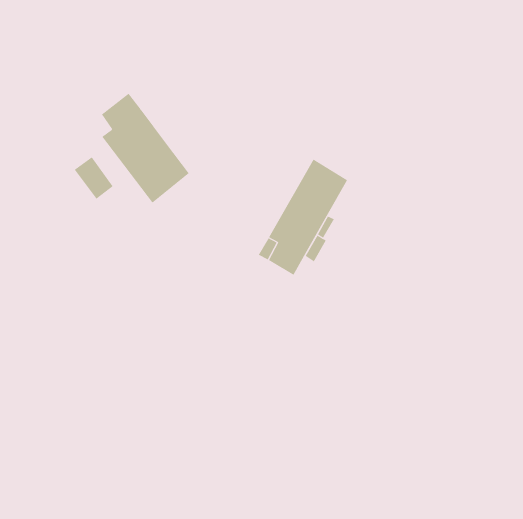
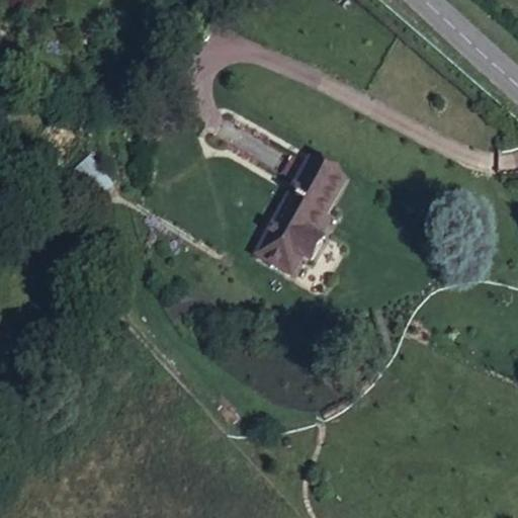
building: [101,93,190,203] -> none

